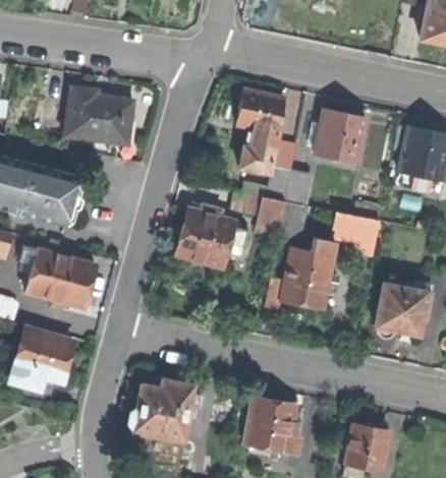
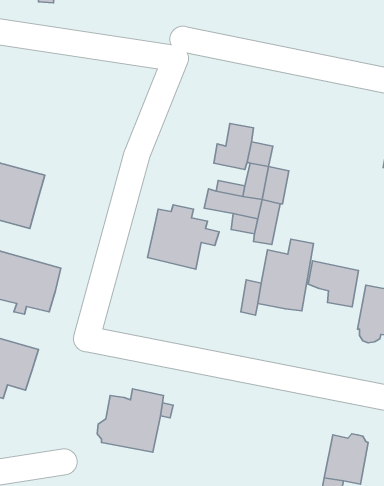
building: [64,86,132,143] -> none
building: [238,91,285,132] -> none
building: [315,110,367,163] -> none
building: [333,208,381,252] -> [308,261,359,307]
building: [244,398,300,455] -> none

